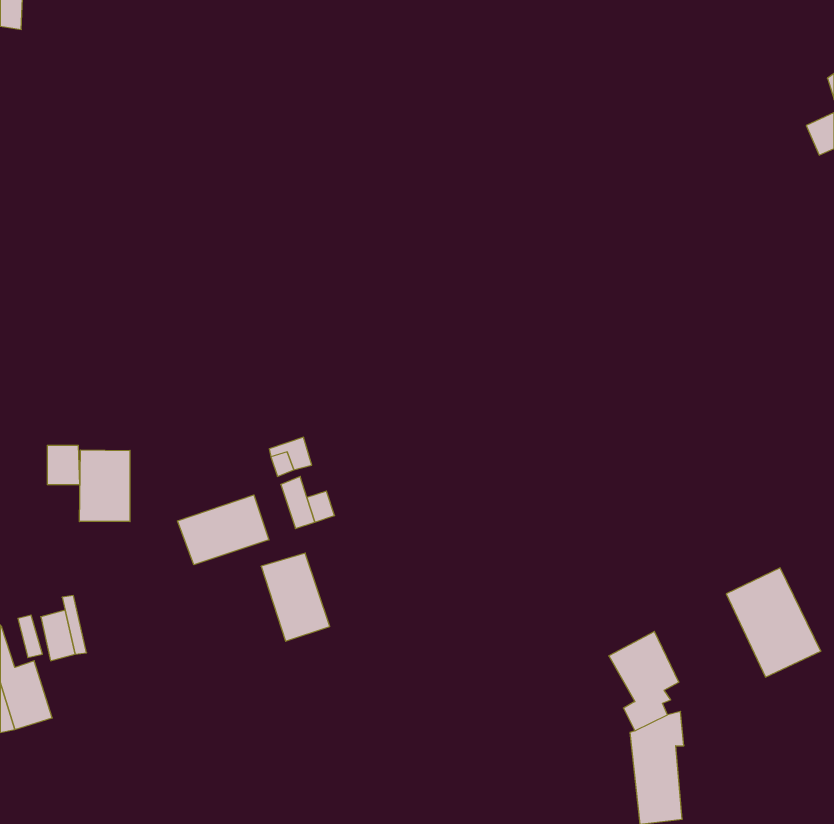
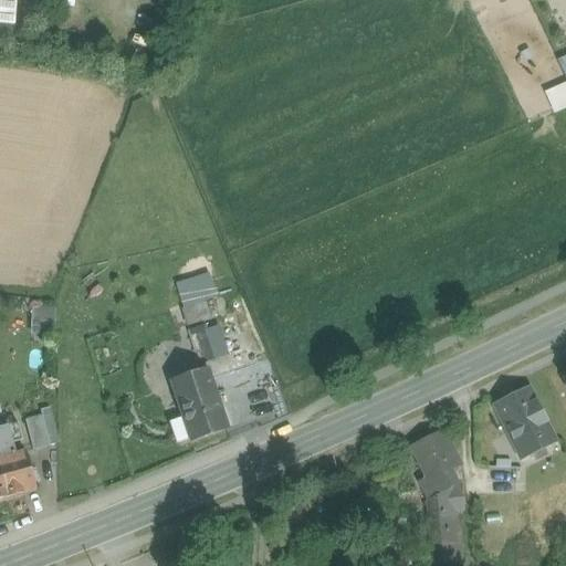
building: none -> [177,270,214,302]
building: [79,450,130,522] -> none
building: [178,495,269,565] -> none

